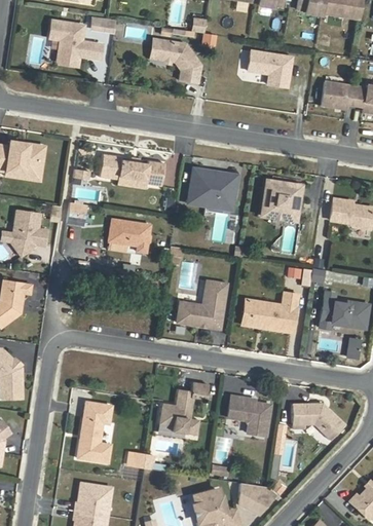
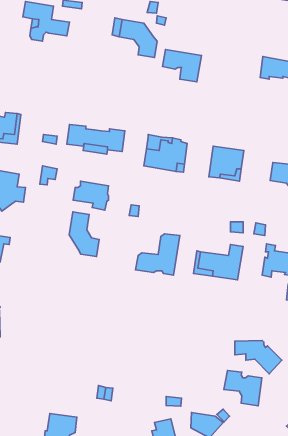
building: [246,49,290,86] -> [163,49,201,82]
building: none -> [69,212,99,257]
building: [156,382,206,435] -> none
building: [225,397,268,437] -> [224,370,262,406]
building: [75,404,109,463] -> none

